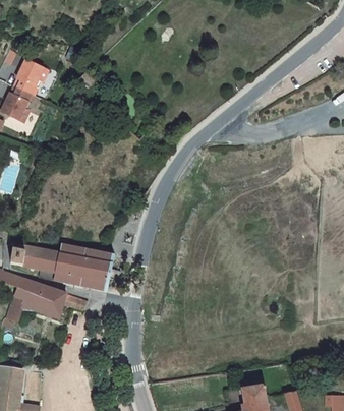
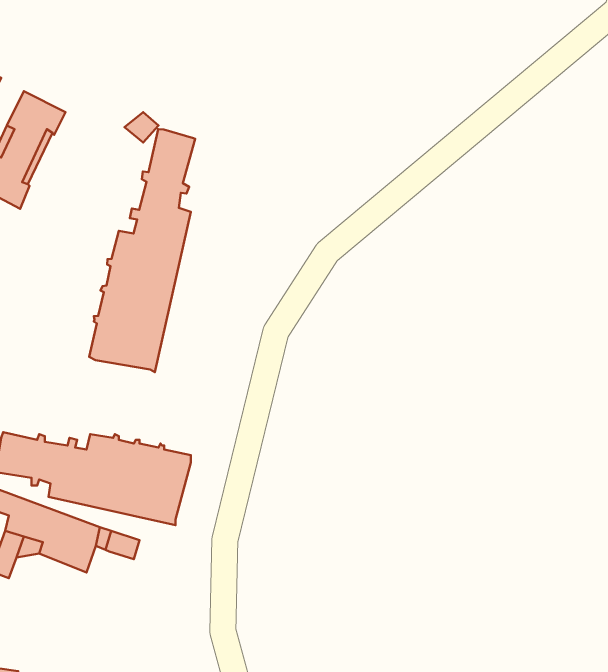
building: none -> [89,129,195,372]

